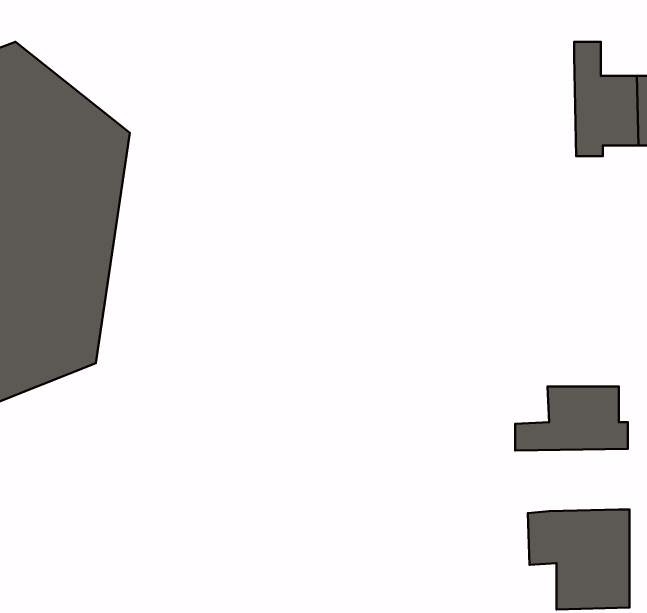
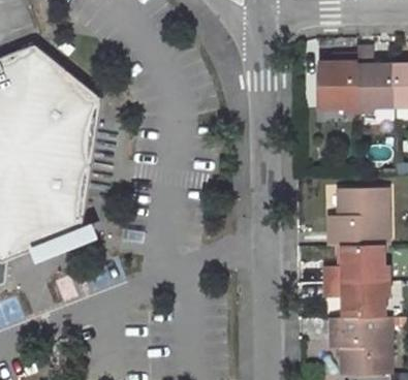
building: none -> [318,54,358,112]
building: none -> [328,188,388,246]
building: none -> [323,281,388,317]

